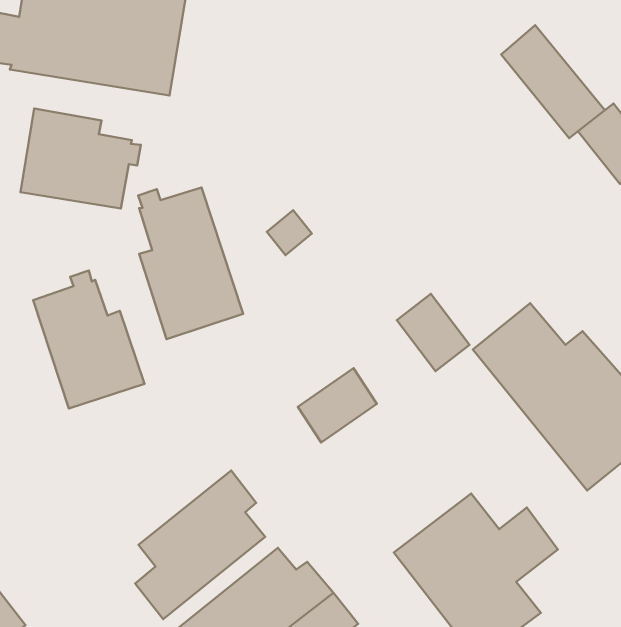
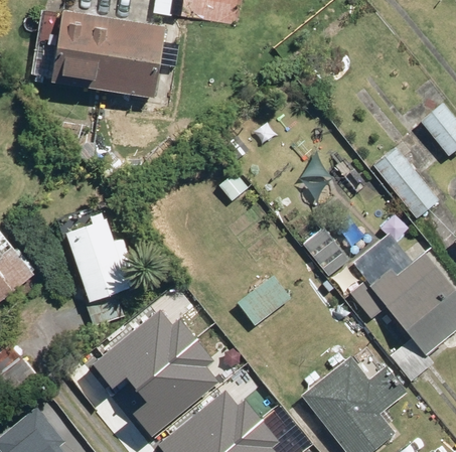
building: [501,25,605,138] -> [371,146,439,219]
building: [21,108,141,209] -> none
building: [138,187,243,339] -> none
building: none -> [92,312,194,390]

